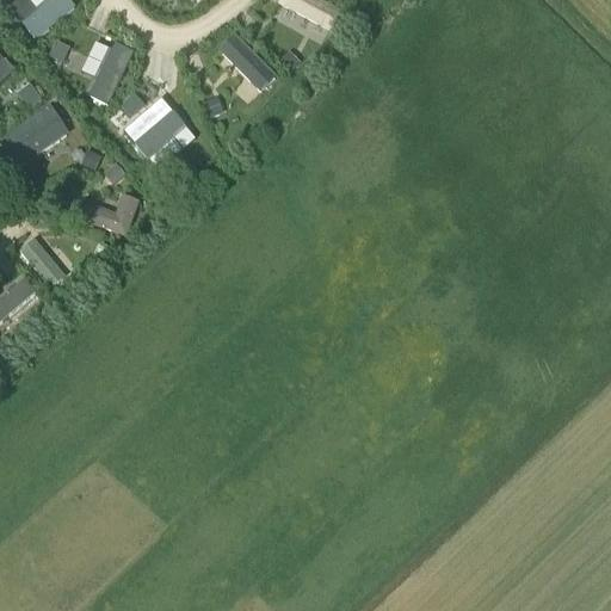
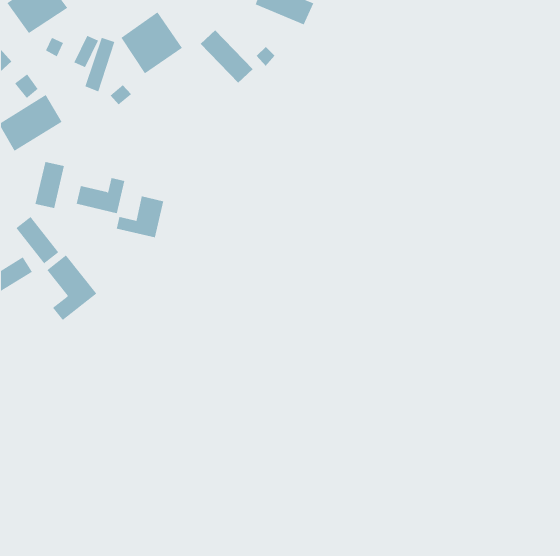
building: [124,95,192,163] -> [120,12,183,74]
building: none -> [35,161,65,209]
building: none -> [116,196,164,238]
building: none -> [46,254,97,321]

